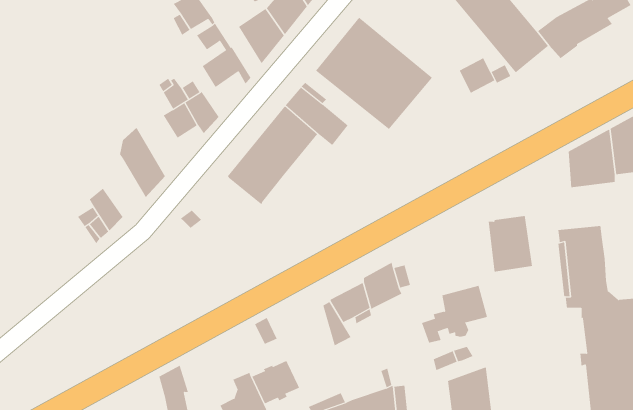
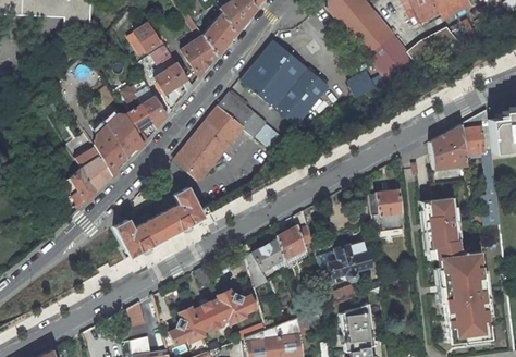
building: none -> [107,112,145,160]
building: none -> [76,147,113,190]
building: none -> [115,187,204,256]
building: none -> [218,290,256,322]

